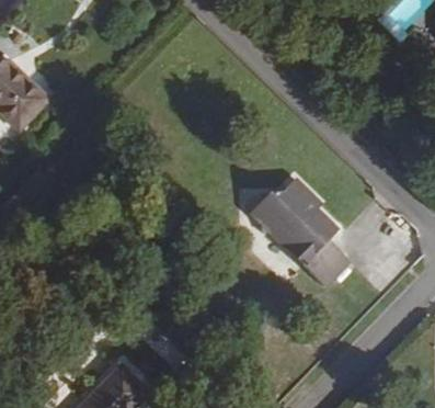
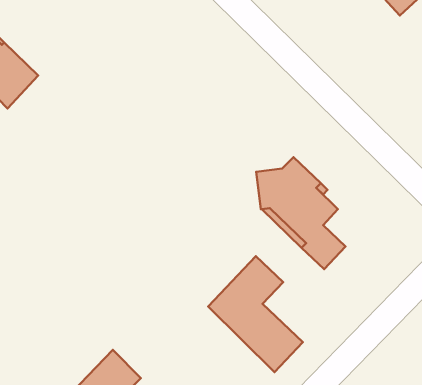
building: none -> [208,256,303,372]

